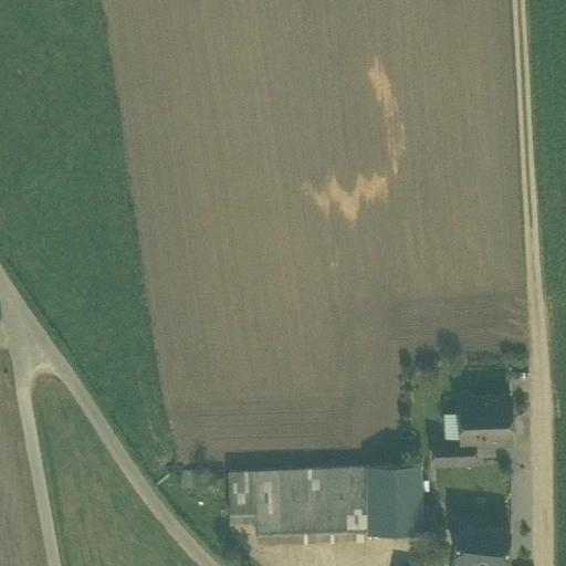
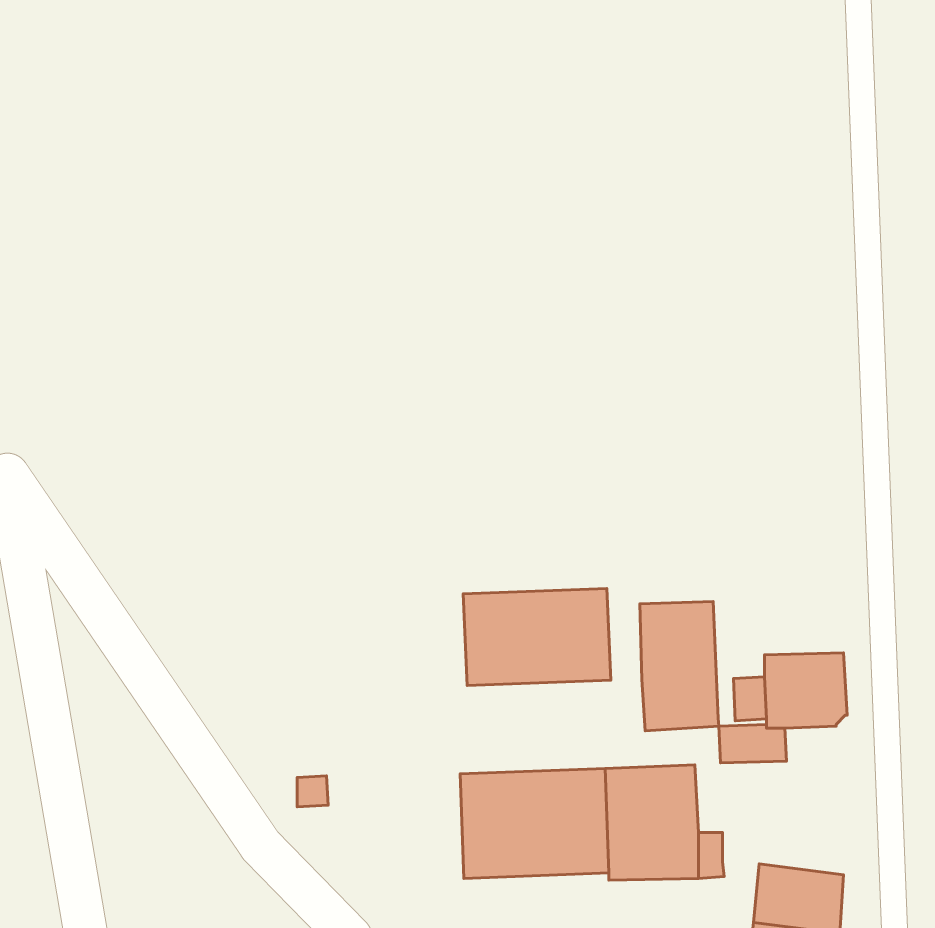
building: none -> [463,588,611,686]
building: none -> [640,601,719,731]
building: [227,472,280,536] -> none

